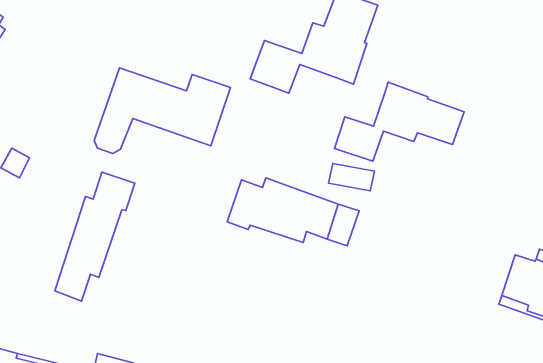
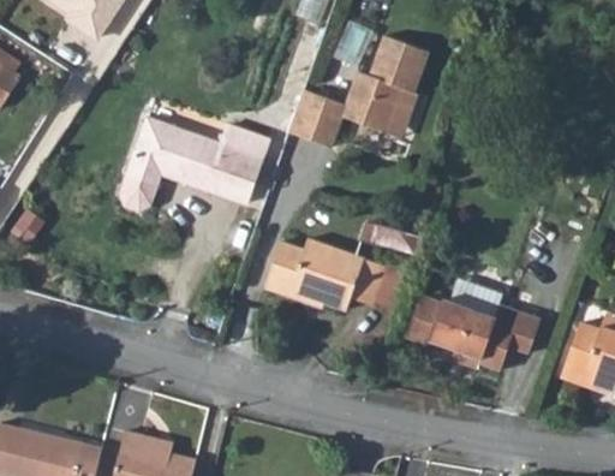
building: [335,82,464,161] -> none
building: [55,172,135,301] -> none
building: none -> [406,296,539,371]

